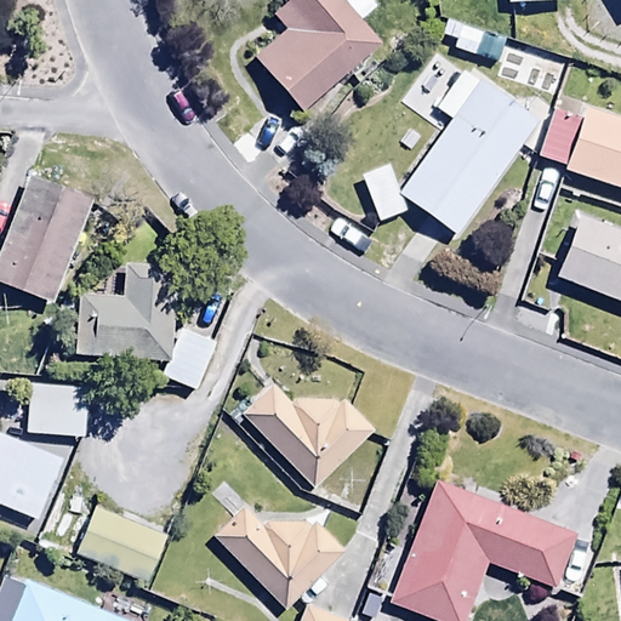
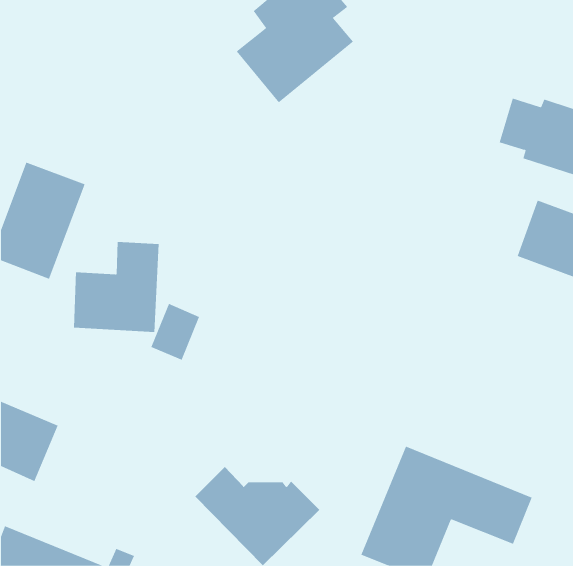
building: [398,65,540,234] -> none
building: [28,380,87,435] -> none
building: [241,382,376,488] -> none
building: [76,498,172,586] -> none

